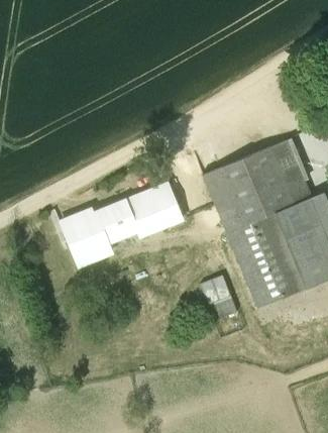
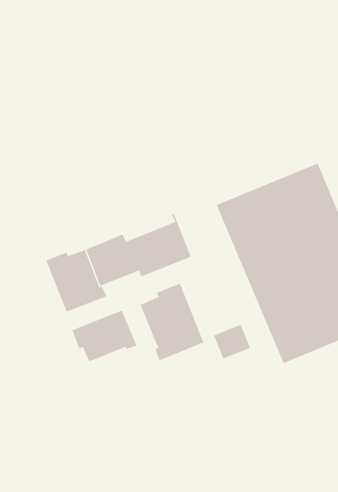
building: none -> [140,283,204,361]
building: none -> [71,310,137,362]

